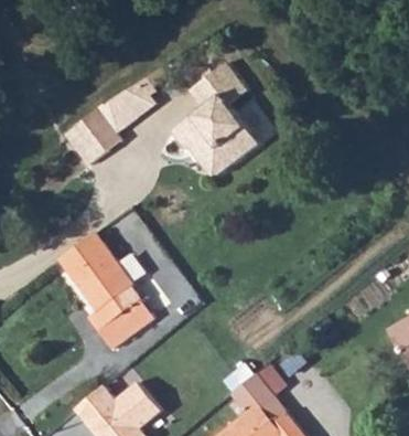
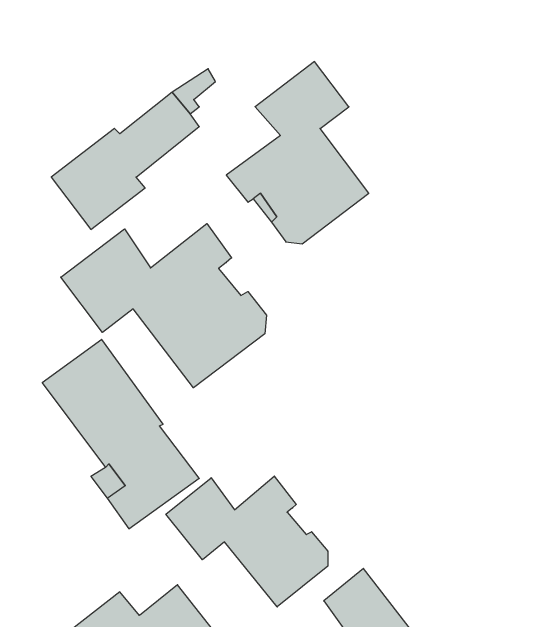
building: none -> [61,224,266,388]
building: none -> [166,476,328,607]

